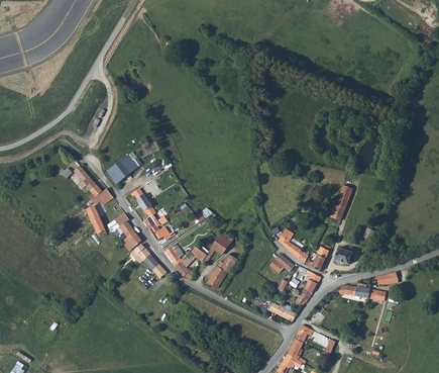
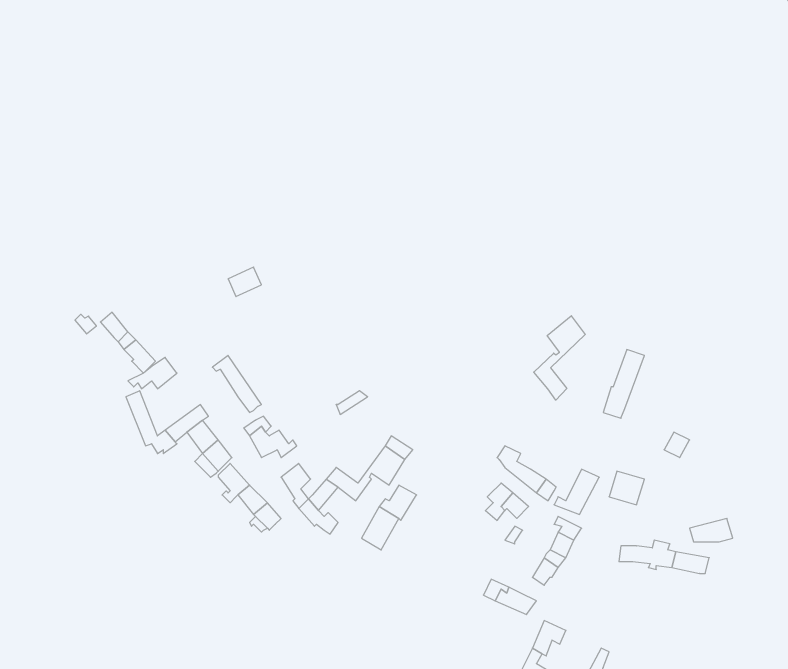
building: [107,155,140,184] -> none
building: none -> [534,316,585,400]

